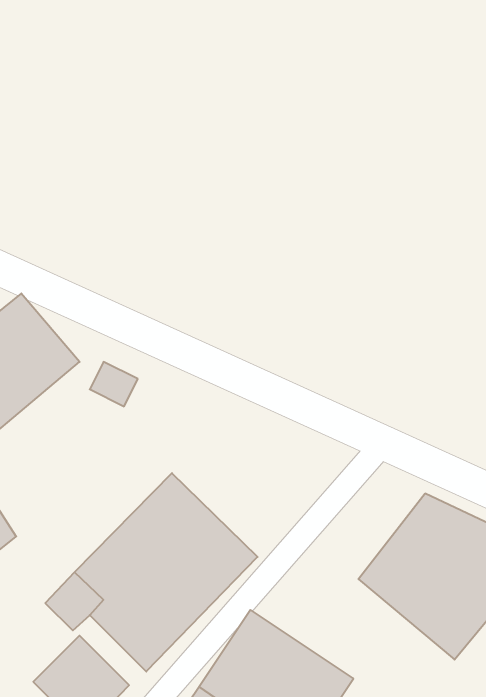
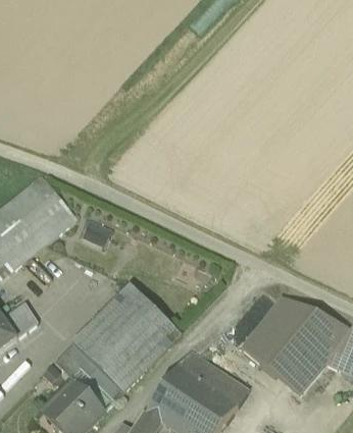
building: none -> [178,350,249,405]

